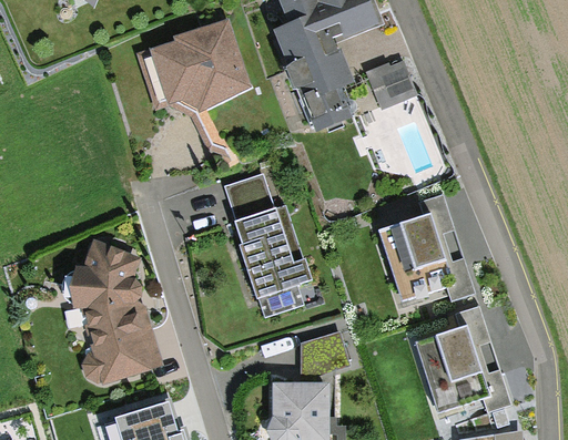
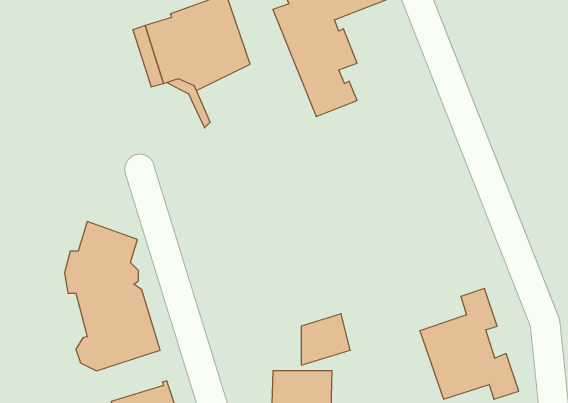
building: [365,59,417,109] -> none
building: [224,172,315,321] -> none
building: [381,194,476,301] -> none

